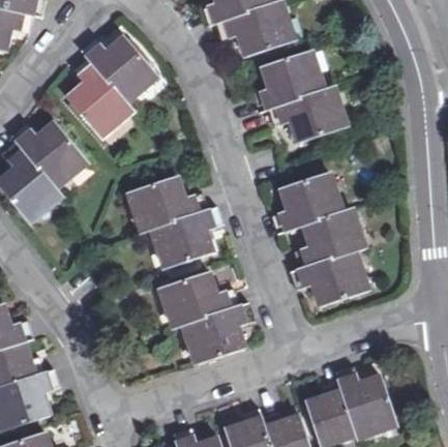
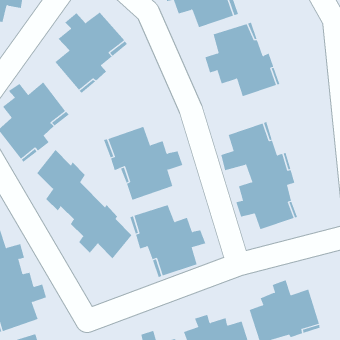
building: none -> [37,149,132,259]

